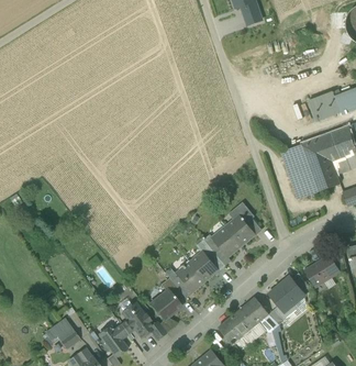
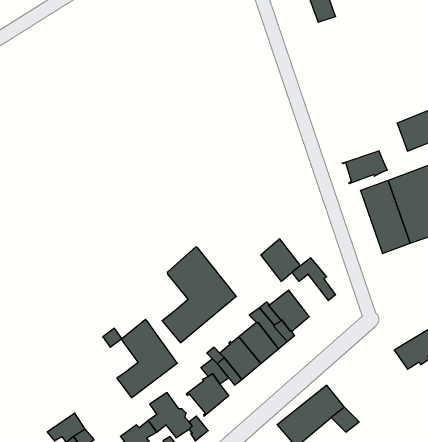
building: none -> [342,151,387,184]
building: none -> [162,247,236,343]
building: [226,213,256,245] -> [261,239,300,281]
building: none -> [117,319,177,398]
building: [269,276,304,319] -> none

